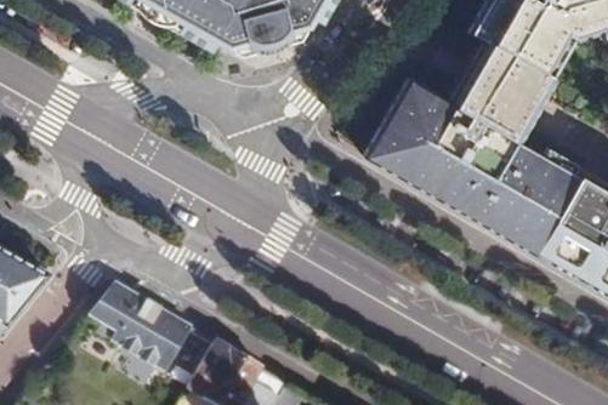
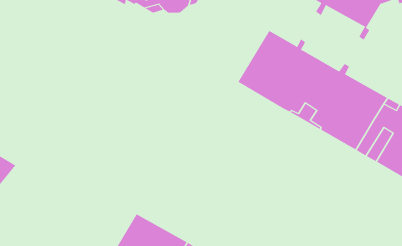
building: [454,45,545,138] -> none
building: [89,286,199,372] -> none

